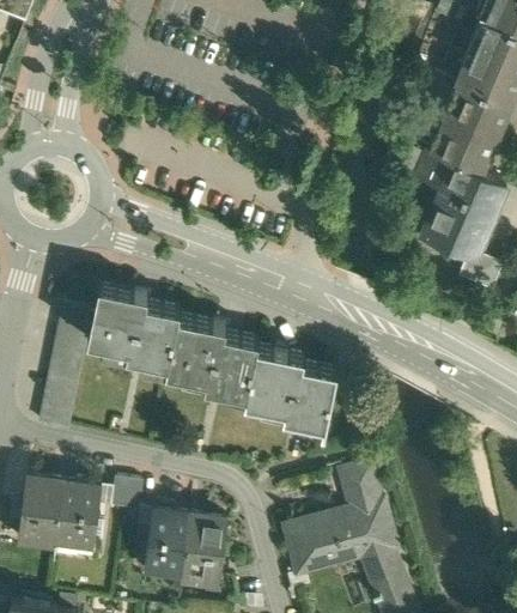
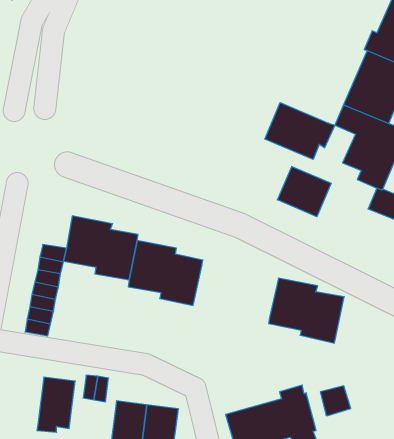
building: none -> [265,103,335,159]
building: none -> [277,166,331,217]
building: [242,350,334,429] -> [269,278,344,343]
building: [339,467,376,503] -> [320,386,351,415]
building: [14,480,61,547] -> none

